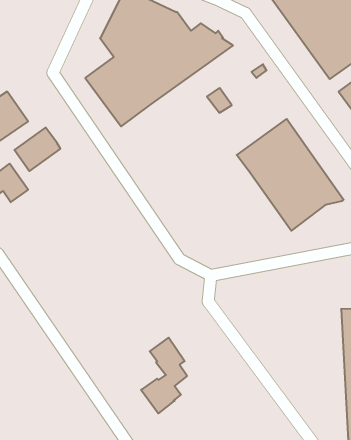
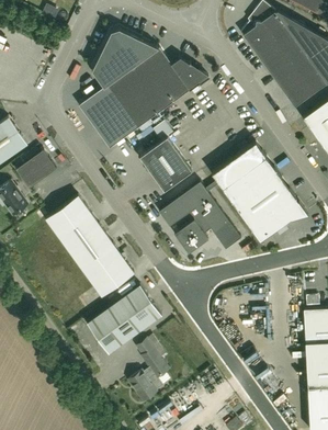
building: none -> [139,138,191,192]
building: none -> [158,182,241,253]
building: none -> [45,196,133,297]
building: none -> [86,285,160,354]

